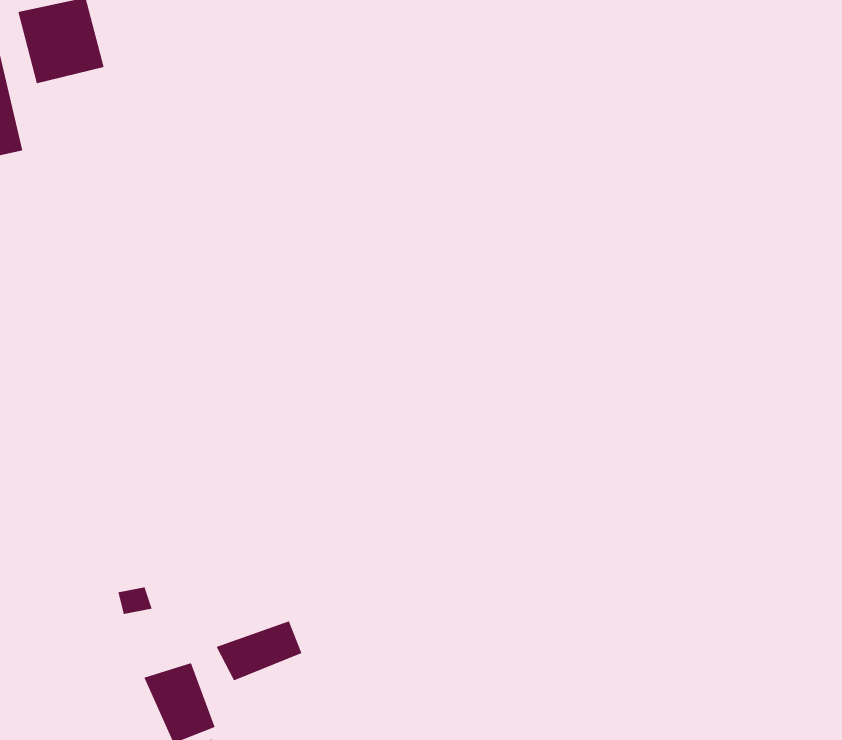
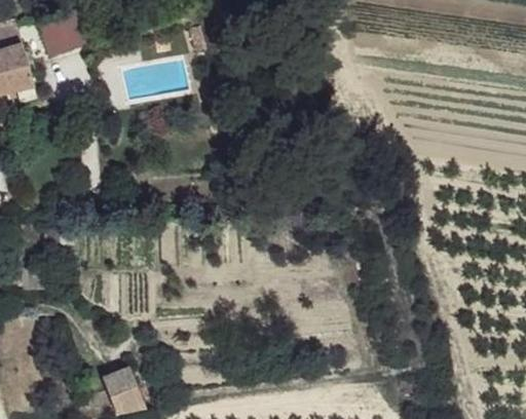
building: [216,621,302,681] -> none

